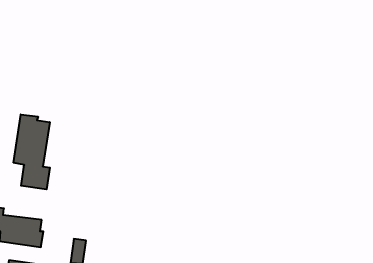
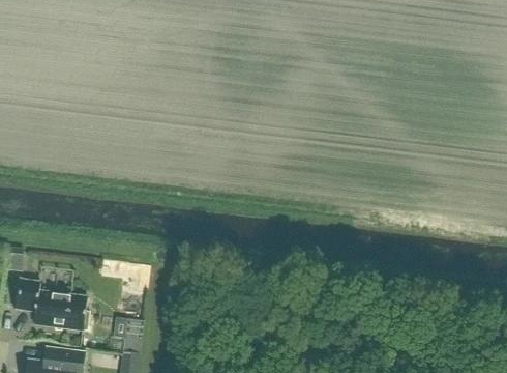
building: [14,114,50,189] -> none

